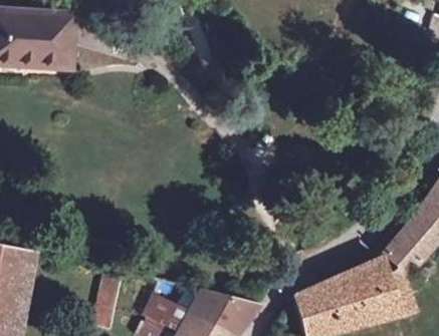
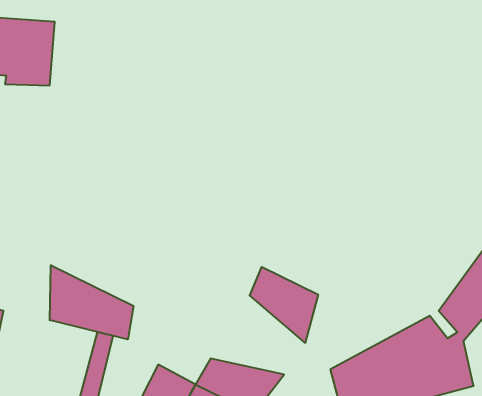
building: none -> [50,265,133,339]
building: none -> [250,267,318,343]

